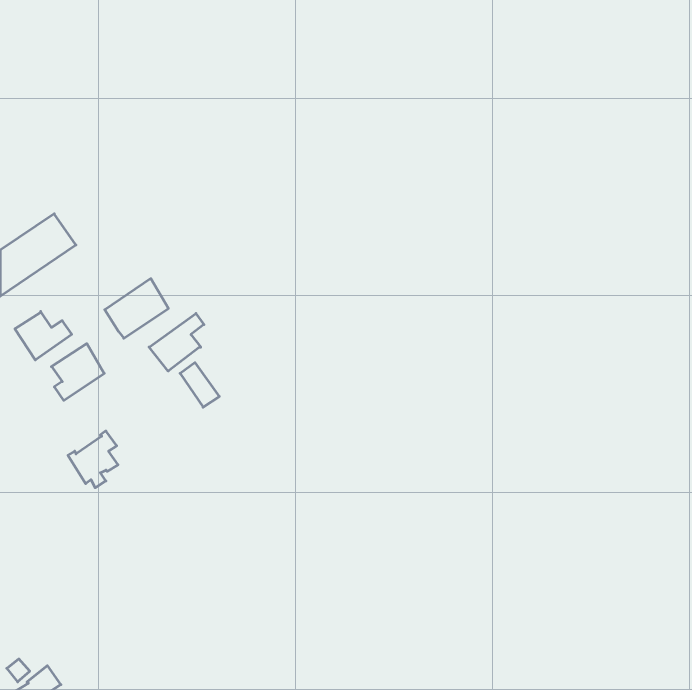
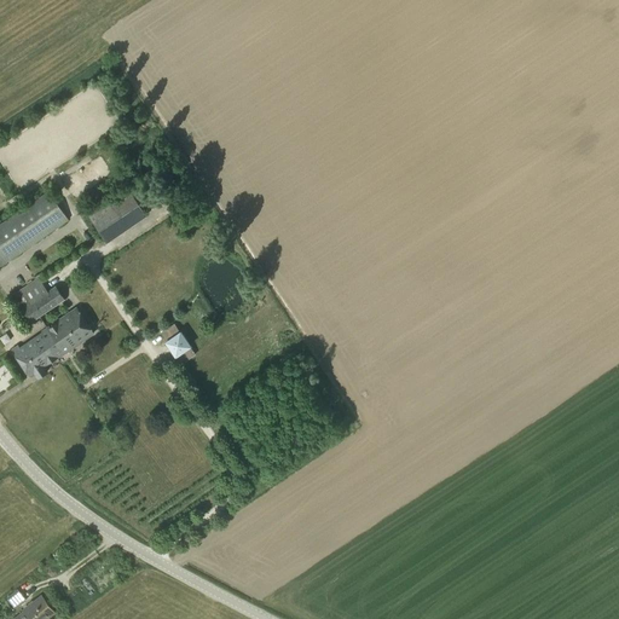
building: [105,279,168,338] -> [87,187,144,241]
building: [149,313,204,371] -> none
building: [68,431,118,488] -> [12,329,57,380]

